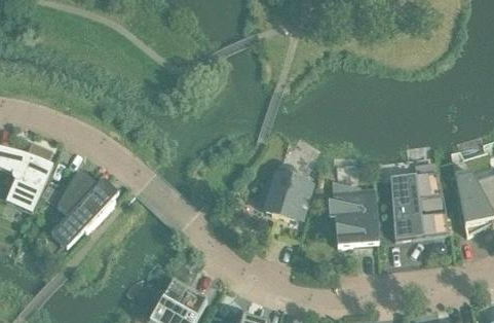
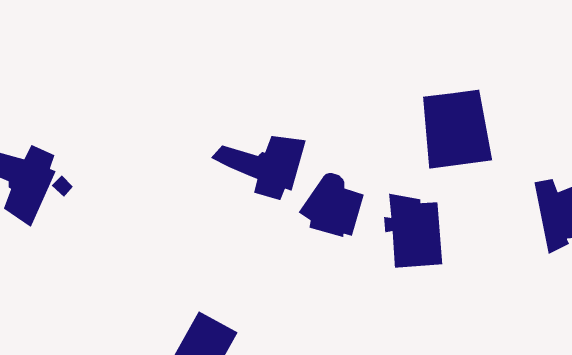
building: none -> [210,135,307,201]
building: [51,168,118,248] -> none
building: [389,171,449,239] -> [422,89,493,169]

